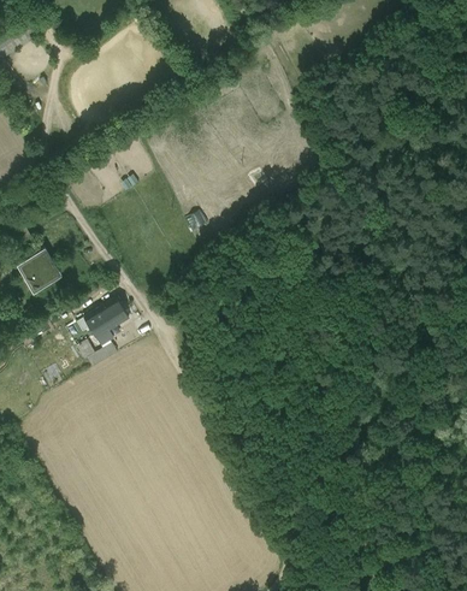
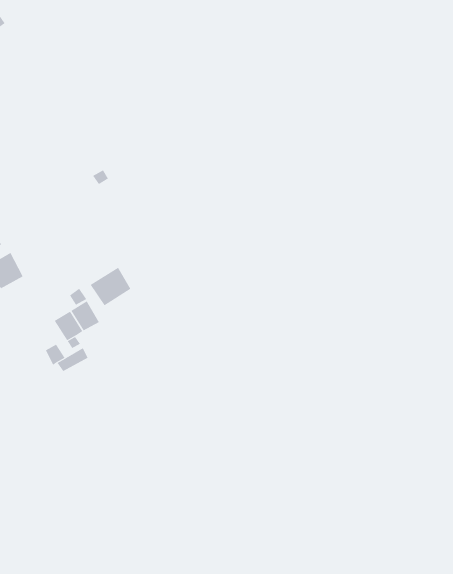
building: none -> [90,267,131,306]

